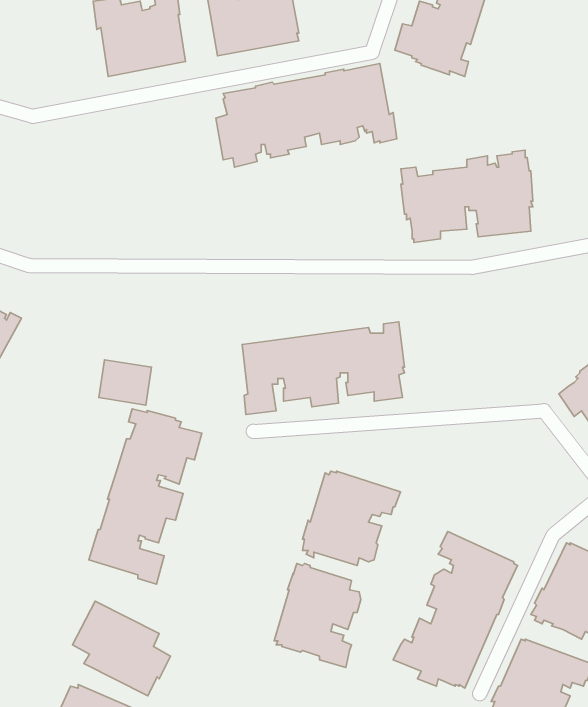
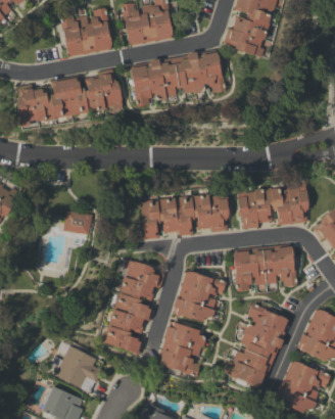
building: none -> [16,69,124,128]
building: [401,150,533,243] -> [237,179,308,229]
building: [89,409,202,584] -> [103,261,164,356]
building: none -> [233,244,297,291]

